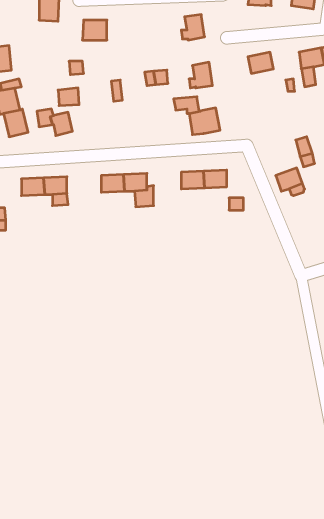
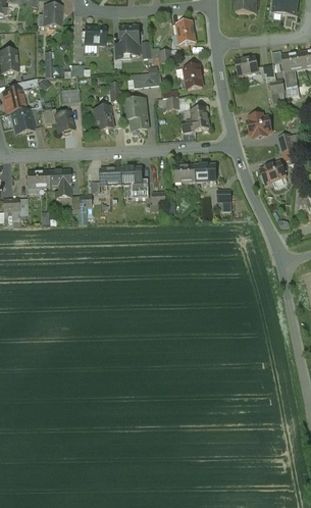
building: none -> [118,26,139,54]
building: none -> [127,98,148,133]
building: none -> [92,104,114,131]
building: none -> [247,113,271,137]

